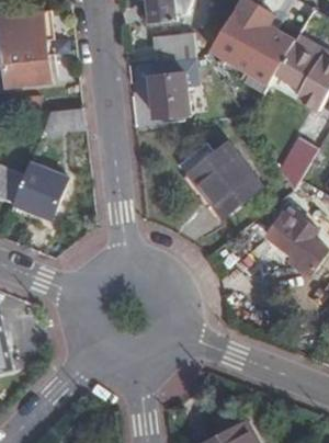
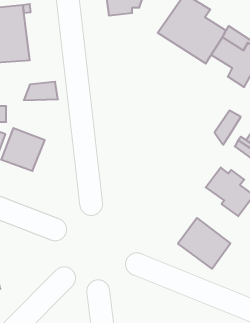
building: [154,32,196,58] -> none
building: [148,75,185,116] -> none
building: [188,143,261,216] -> none
building: none -> [178,218,230,269]

